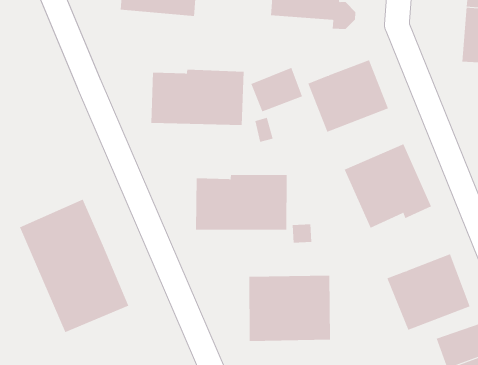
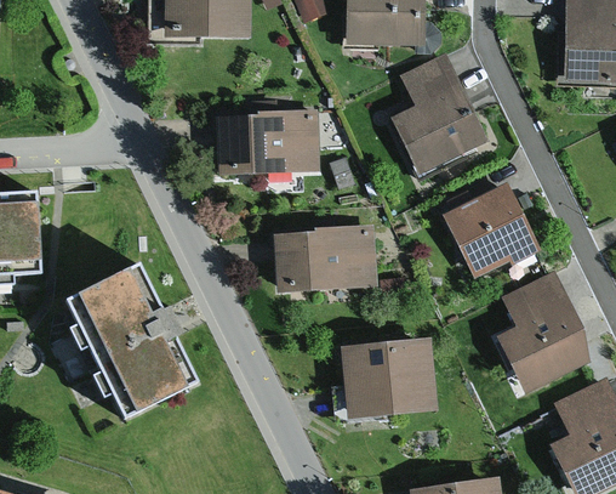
building: [251,67,303,112] -> [399,53,460,107]
building: none -> [503,276,565,325]

